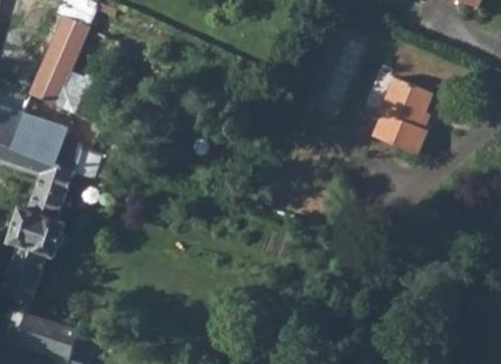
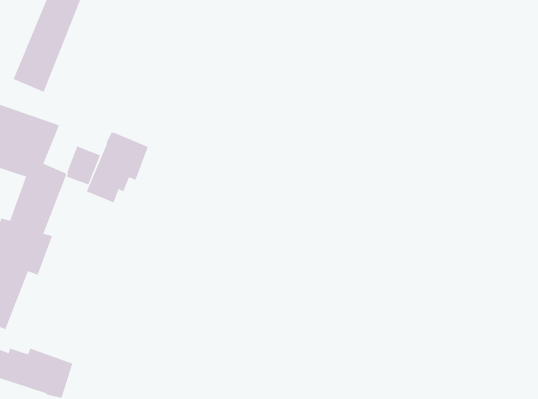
building: [373,74,435,152] -> none
building: none -> [86,132,148,203]

